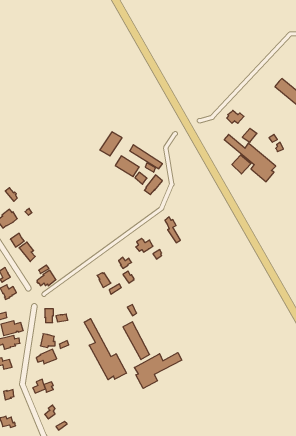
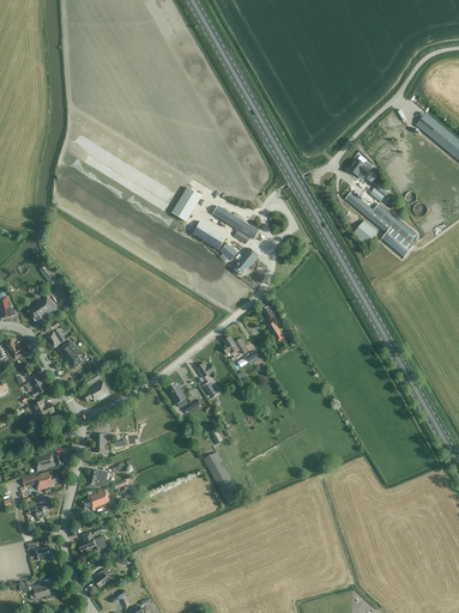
building: [84,319,126,380] -> none
building: [134,353,182,388] -> none

